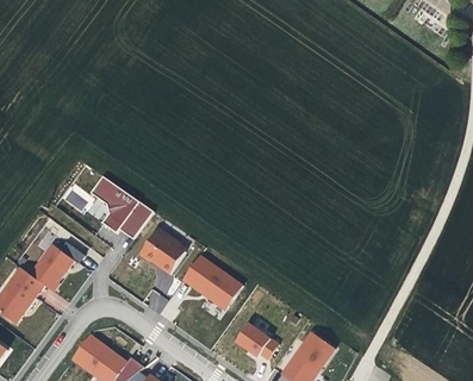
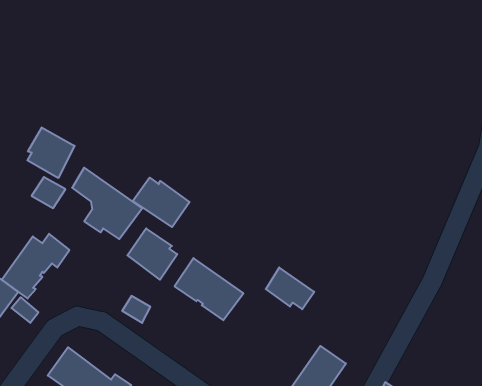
building: none -> [27,127,75,178]
building: none -> [133,178,190,227]
building: [236,323,279,360] -> [266,267,314,309]

